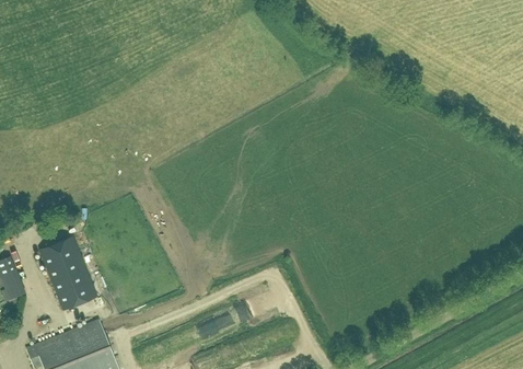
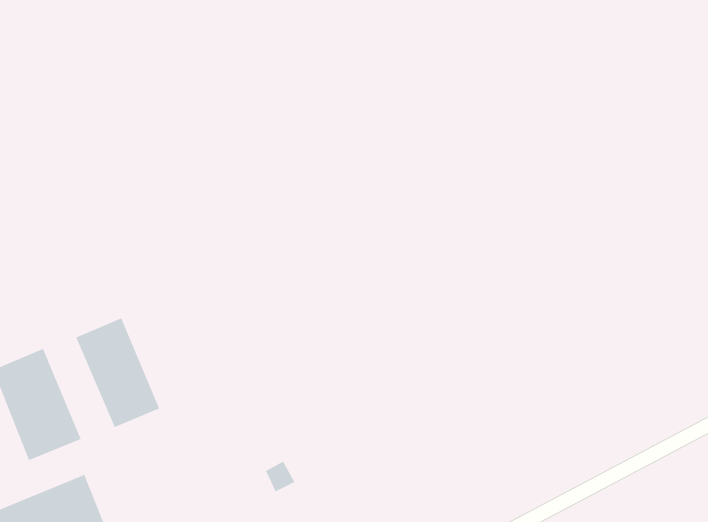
building: none -> [75,317,160,428]

